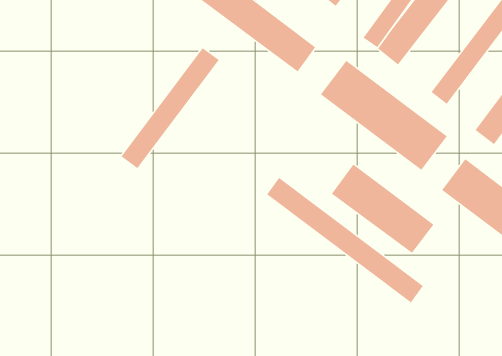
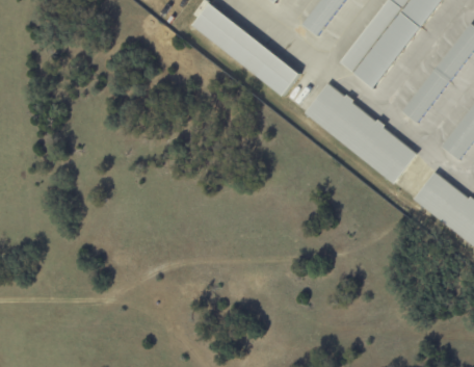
building: [120,47,220,169] -> none
building: [331,164,435,254] -> none
building: [266,177,424,303] -> none

